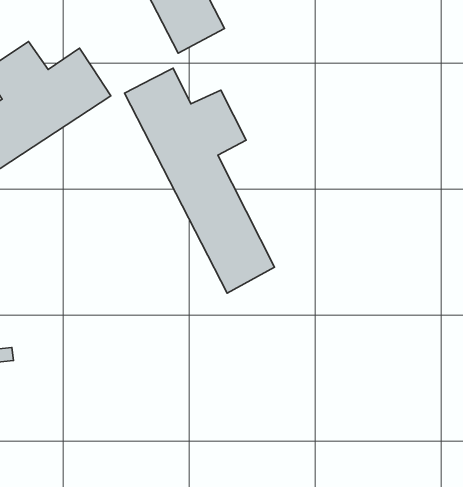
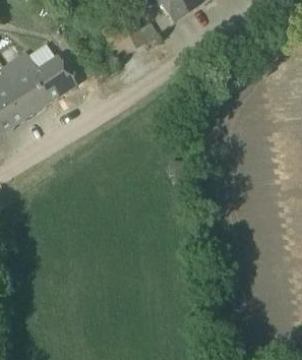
building: [124,68,275,293] -> none

